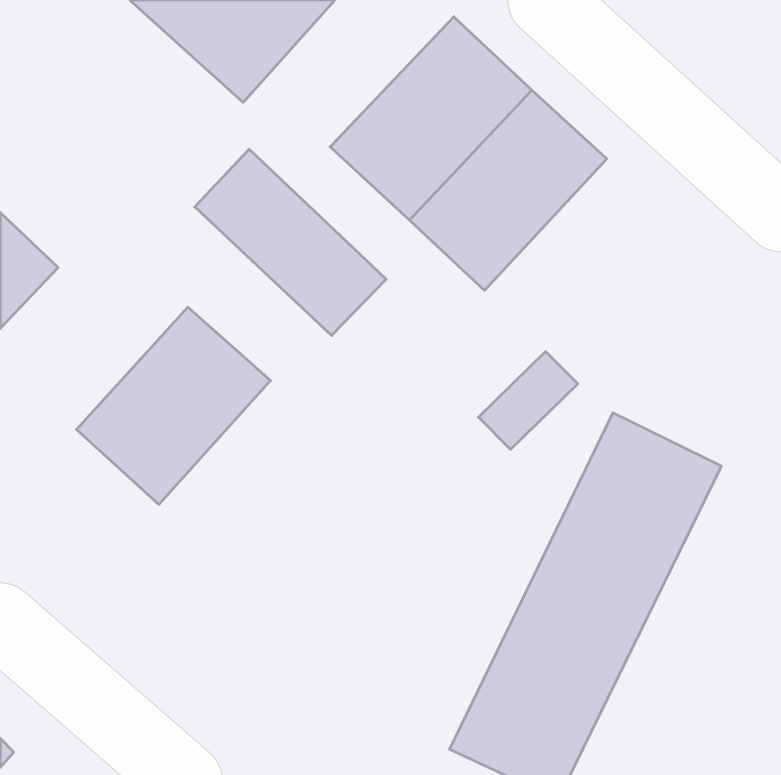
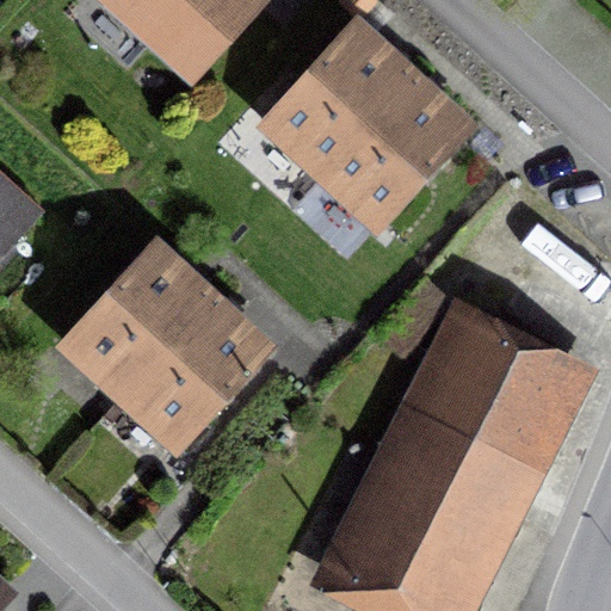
building: [195,149,386,336] -> none
building: none -> [124,302,264,445]

